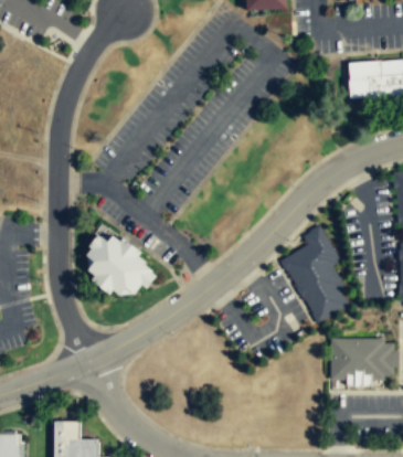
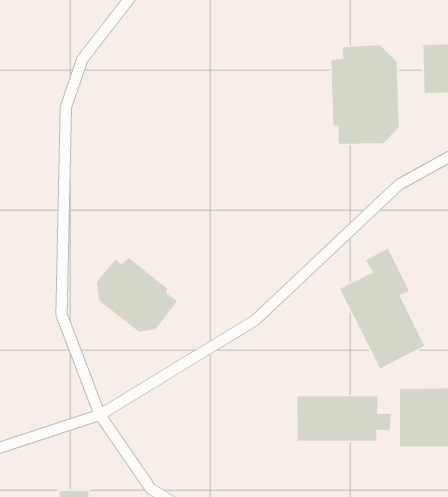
building: none -> [330,44,400,144]
building: none -> [297,396,391,442]

